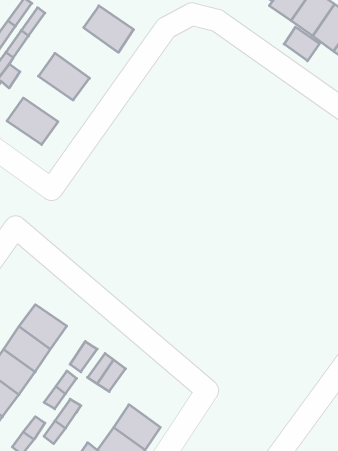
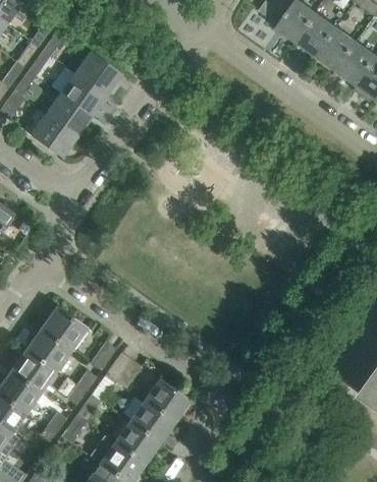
building: [84,6,134,52] -> [74,52,121,96]
building: [284,27,320,61] -> none
building: none -> [45,94,92,136]
building: none -> [144,379,188,422]

